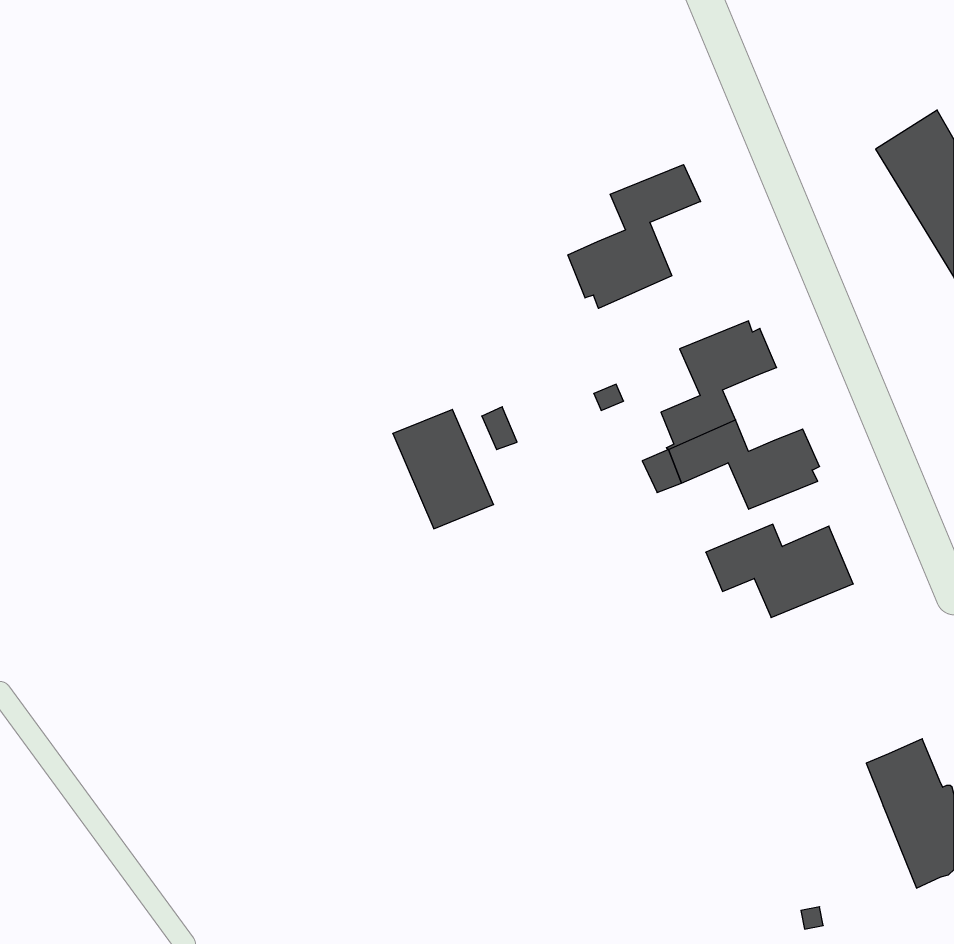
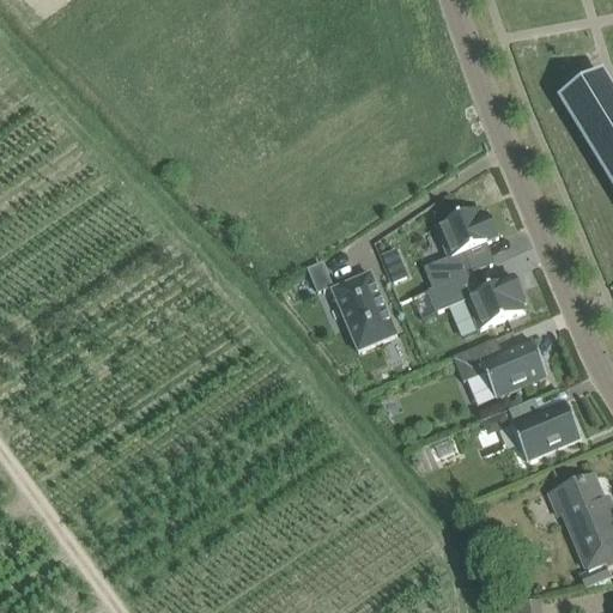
building: [568,165,701,308] -> none
building: [393,409,494,529] -> [332,272,396,348]
building: none -> [509,396,581,459]

